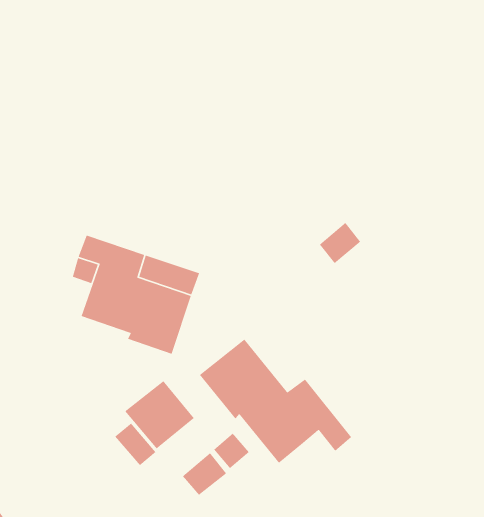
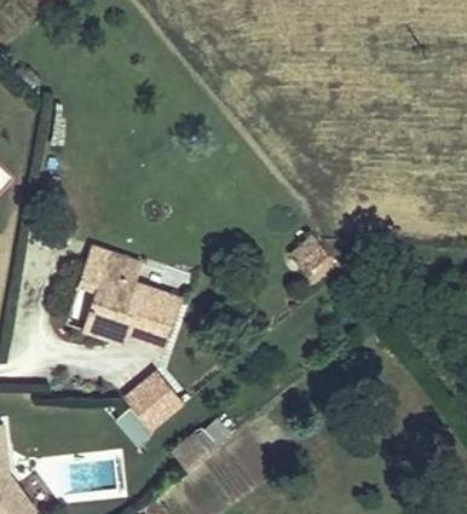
building: [199,339,352,464] -> none

